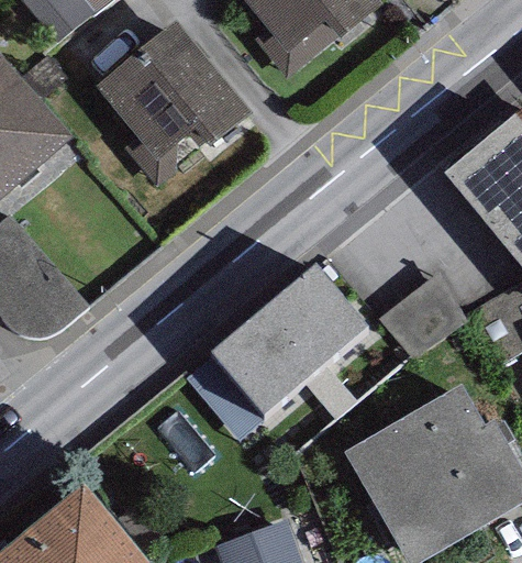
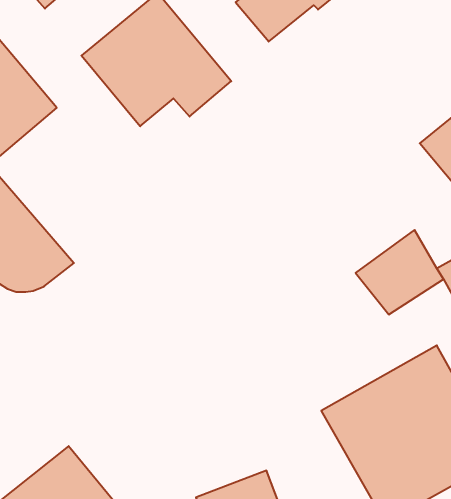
building: [186,271,368,433] -> none

